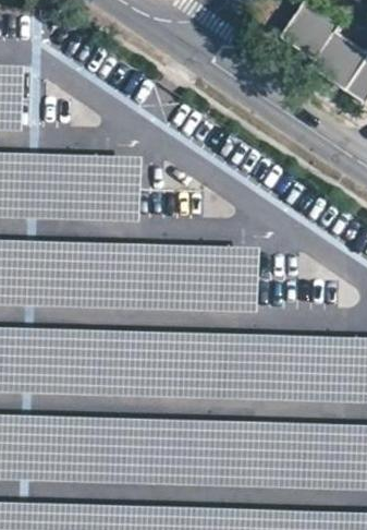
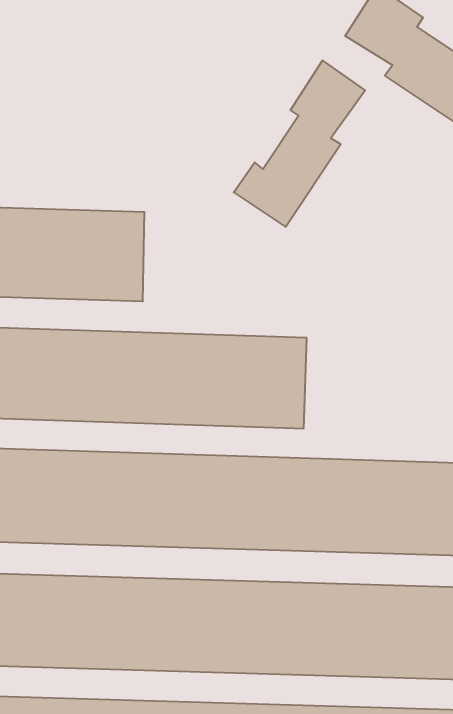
building: none -> [234,60,365,227]

